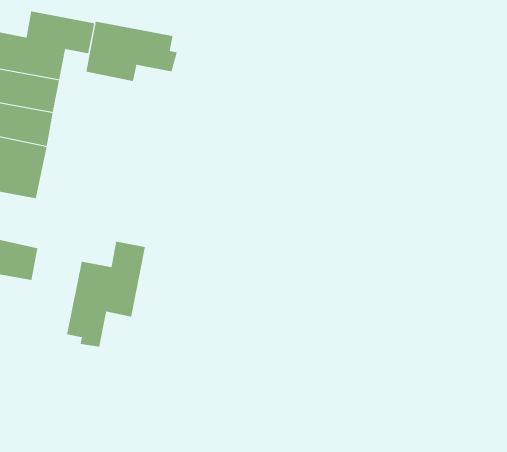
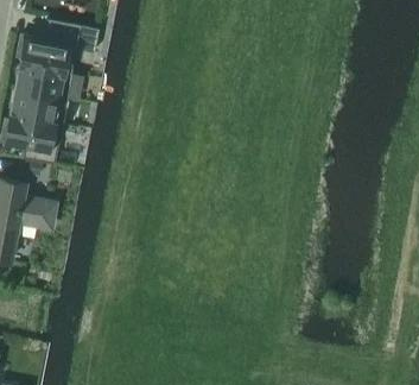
building: [86,21,177,82] -> none
building: [66,241,145,348] -> none

